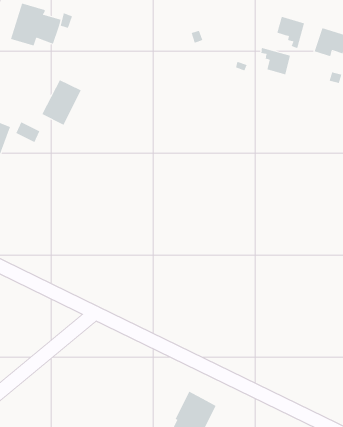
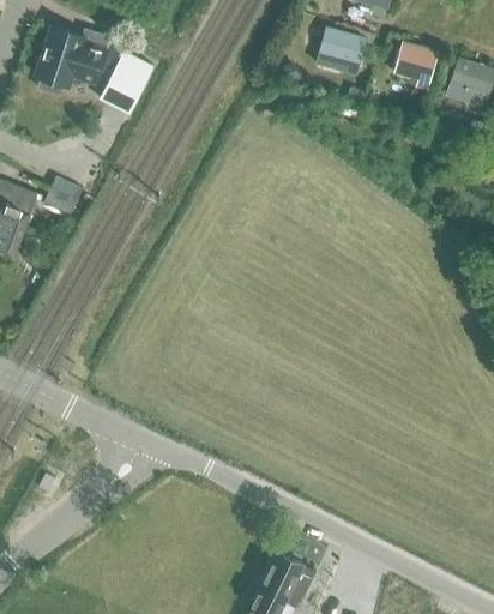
building: none -> [320,30,363,64]
building: [261,47,291,75] -> none
building: [42,79,81,126] -> [100,52,153,114]

